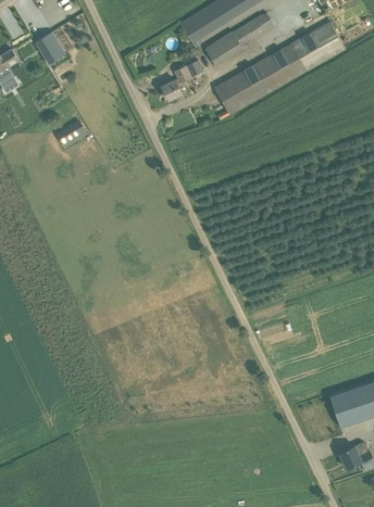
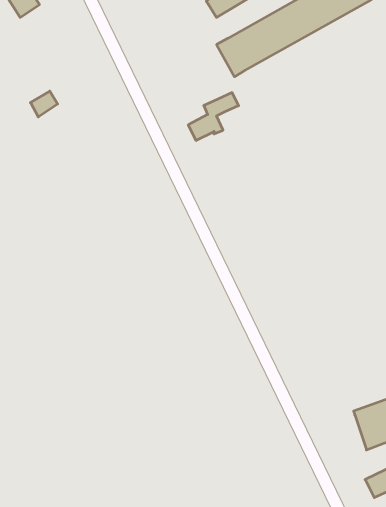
building: [161,59,203,99] -> [188,93,239,140]

